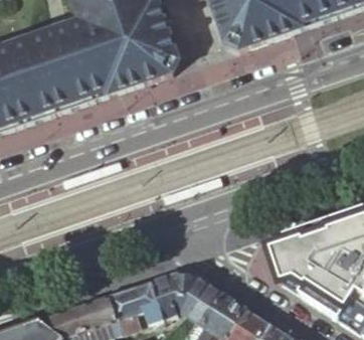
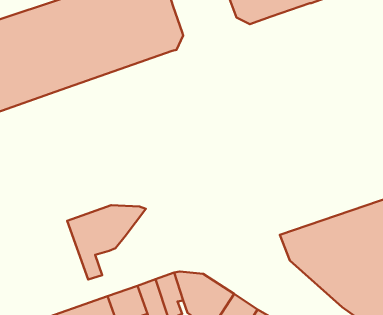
building: none -> [67,205,146,279]

